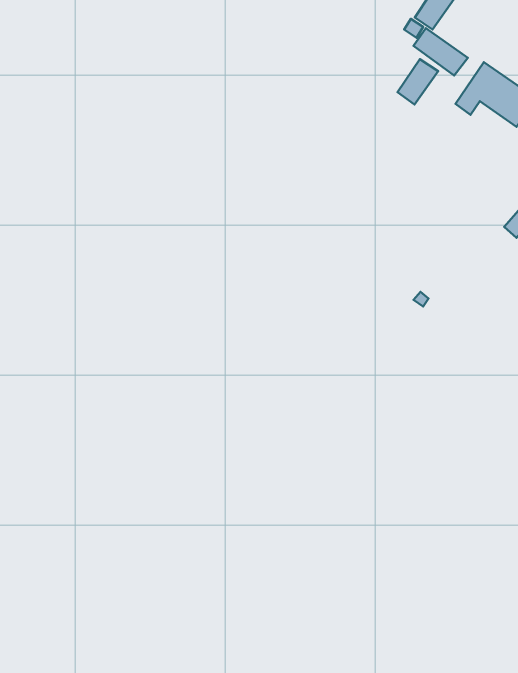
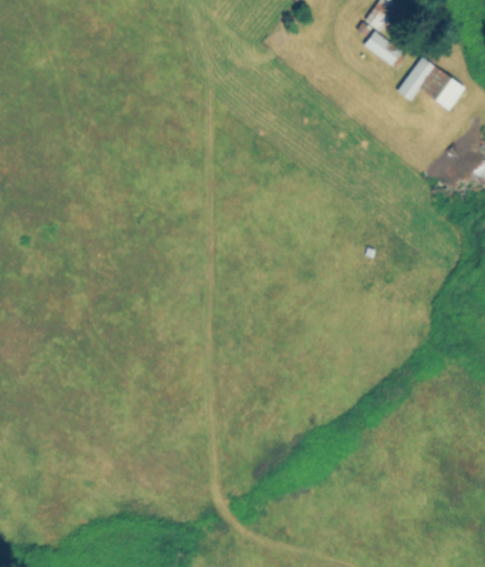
building: [397,59,438,104] -> none

